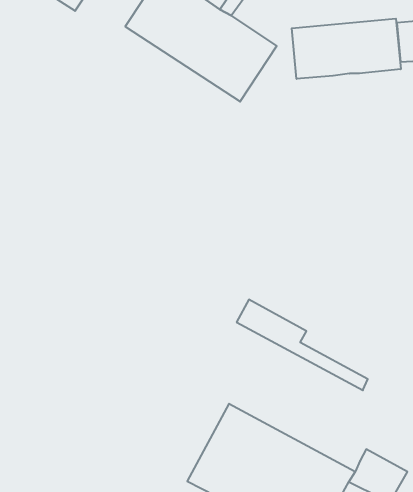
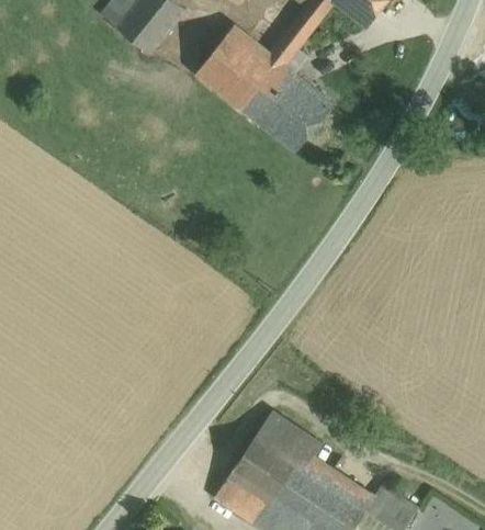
building: [292,19,401,79] -> none
building: [237,300,368,390] -> [259,409,375,503]

